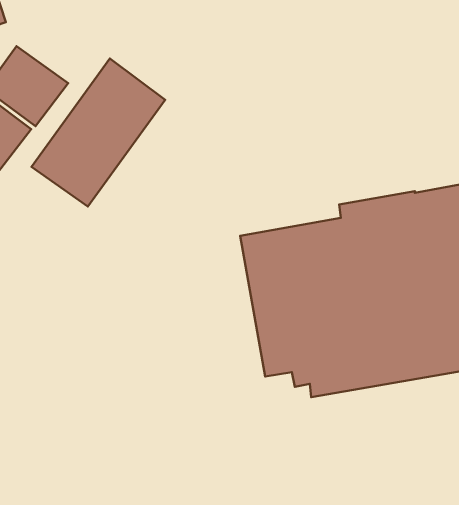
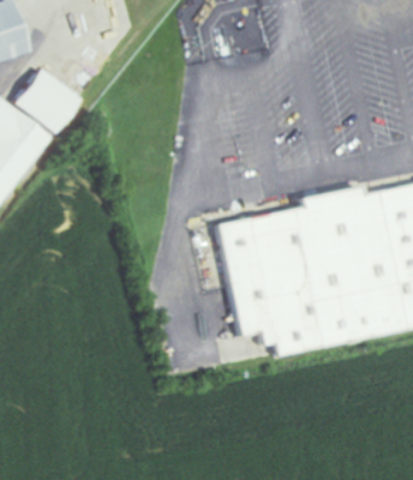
building: [31,58,165,206] -> none

